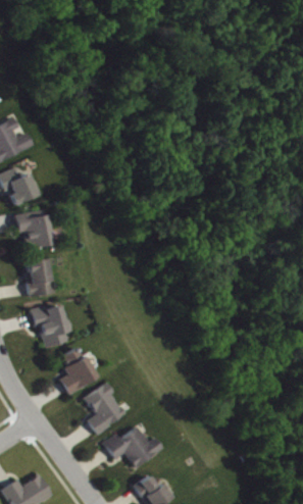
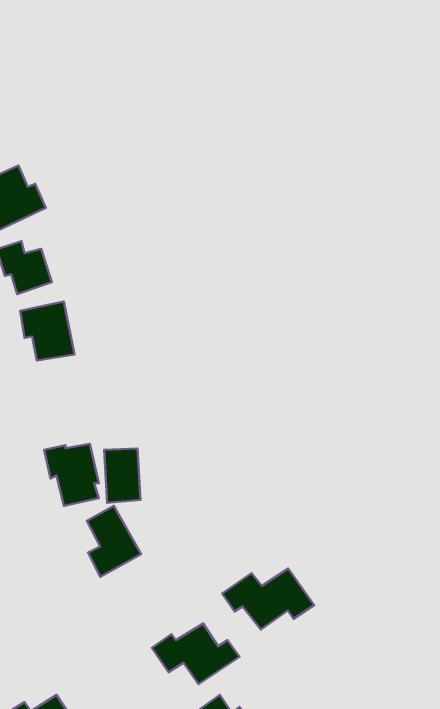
building: [29,260,53,297] -> [104,448,141,503]
building: [87,385,128,435] -> none
building: none -> [222,568,314,630]

